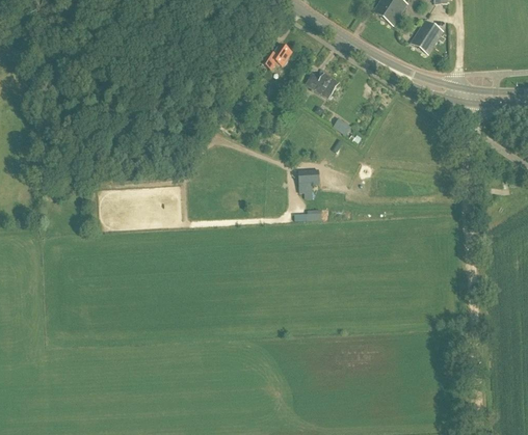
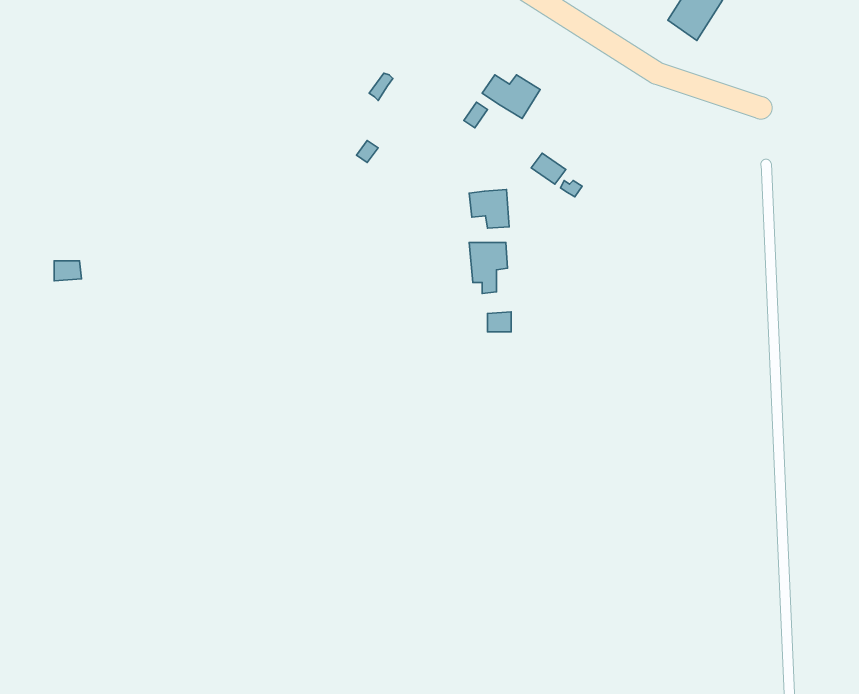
building: [262,44,292,71] -> none
building: none -> [469,190,509,228]

